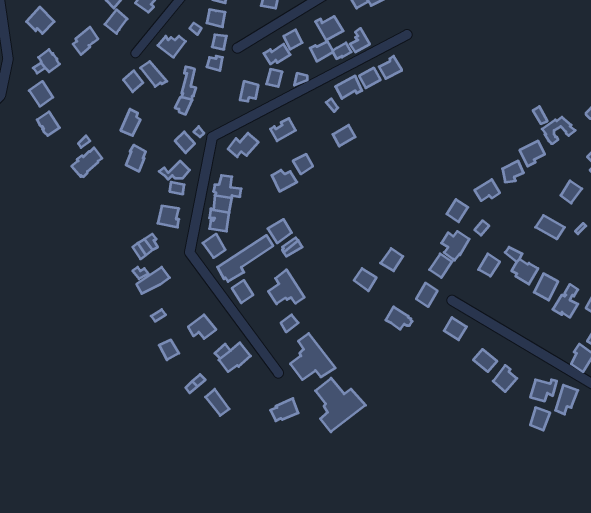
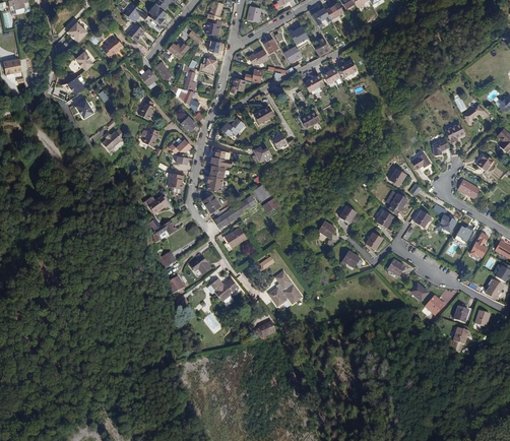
building: [268,270,304,304] -> none
building: [315,378,366,432] -> none

